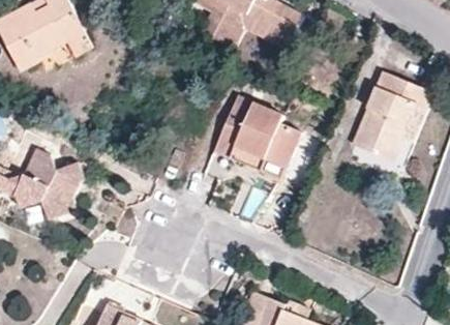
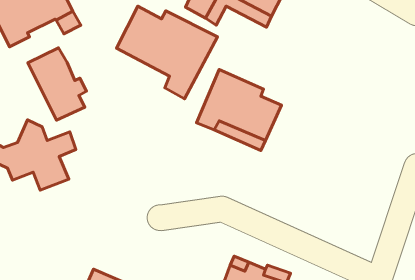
building: none -> [116,6,217,99]
building: [352,70,432,161] -> none
building: none -> [28,48,87,120]

